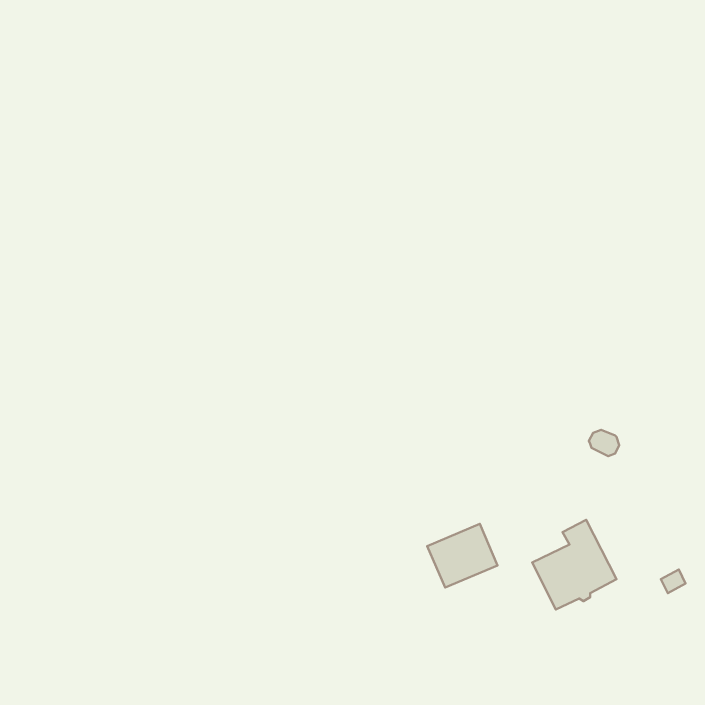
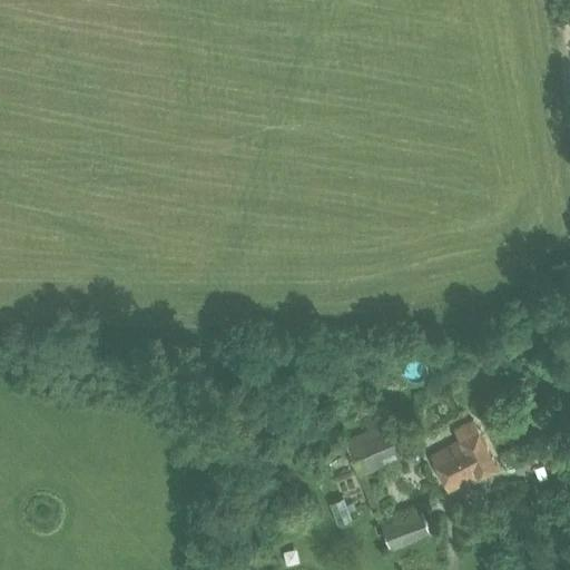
building: none -> [380,507,430,550]

